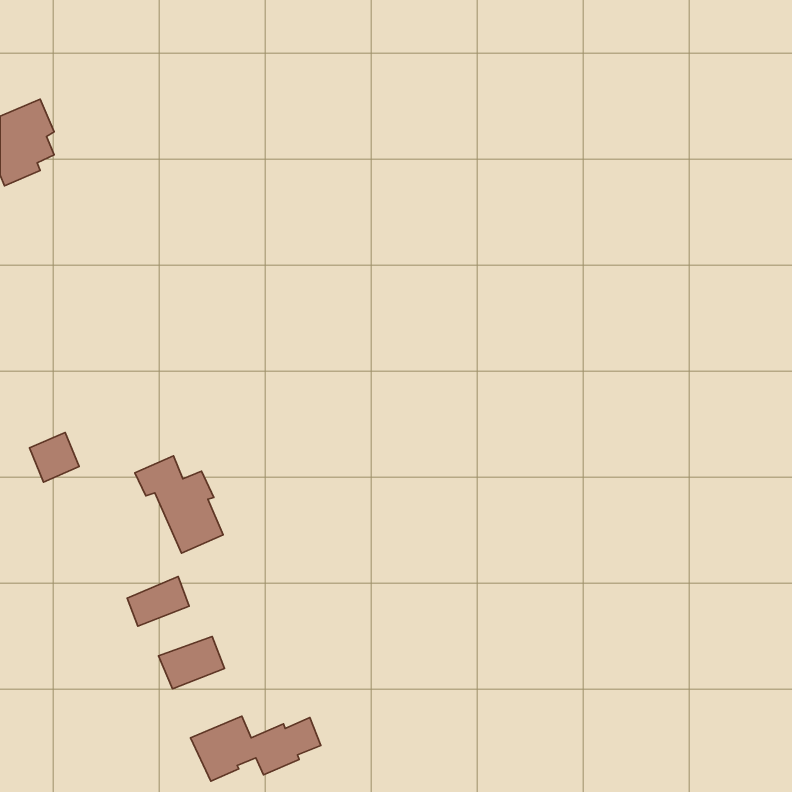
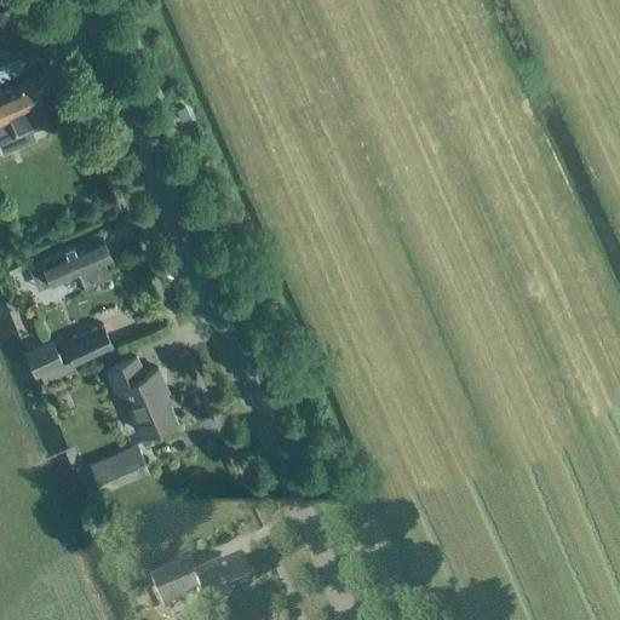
building: none -> [41,232,110,287]
building: none -> [63,323,113,363]
building: [159,637,225,689] -> none

